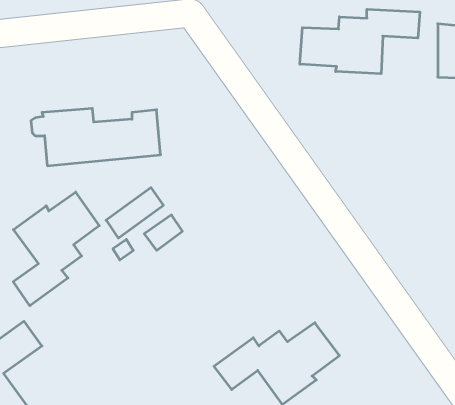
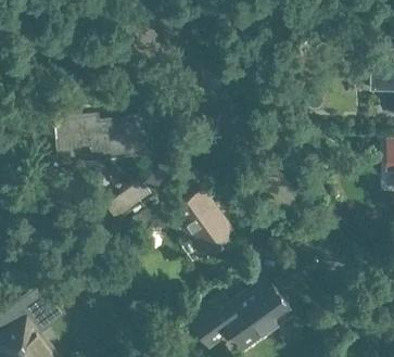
building: [300,9,420,74] -> none
building: [13,192,99,306] -> none
building: none -> [171,188,241,254]

